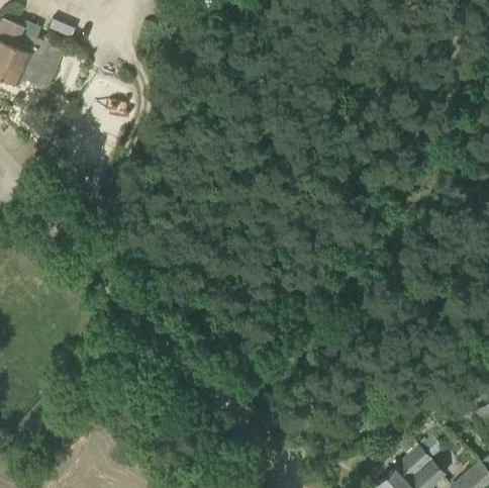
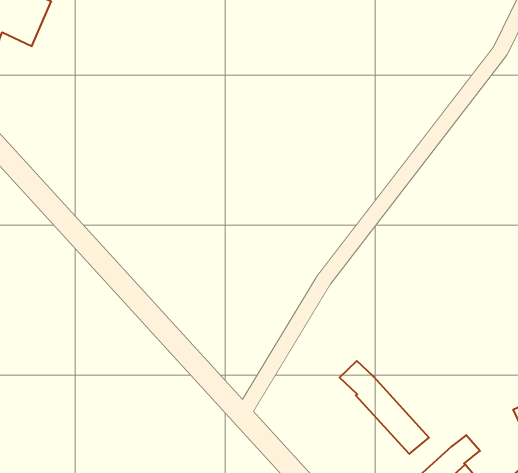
building: none -> [340,361,429,454]

